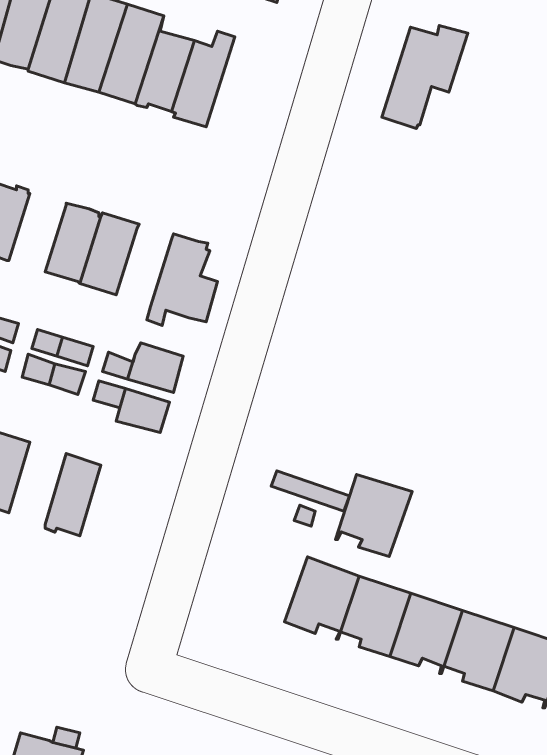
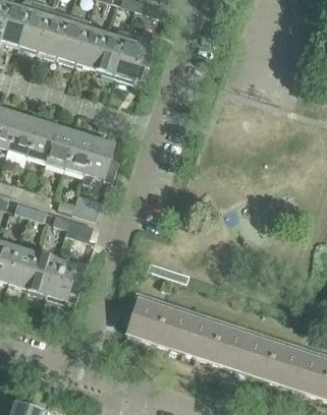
building: [382,25,468,129] -> [112,29,158,84]
building: none -> [7,112,38,156]
building: none -> [64,130,94,174]
building: none -> [7,246,38,290]
building: none -> [45,258,87,302]
building: [335,474,412,557] -> [125,298,166,342]

